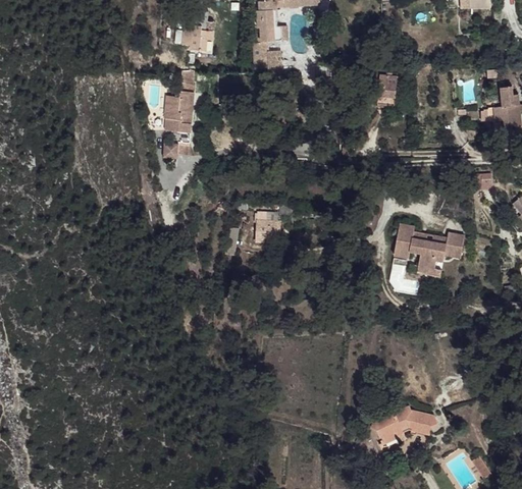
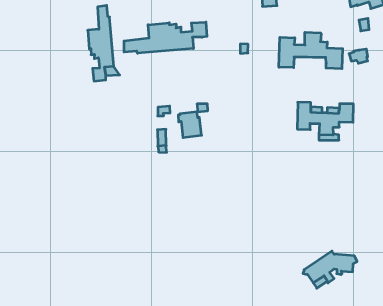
building: none -> [124,22,207,53]
building: none -> [279,32,343,69]

